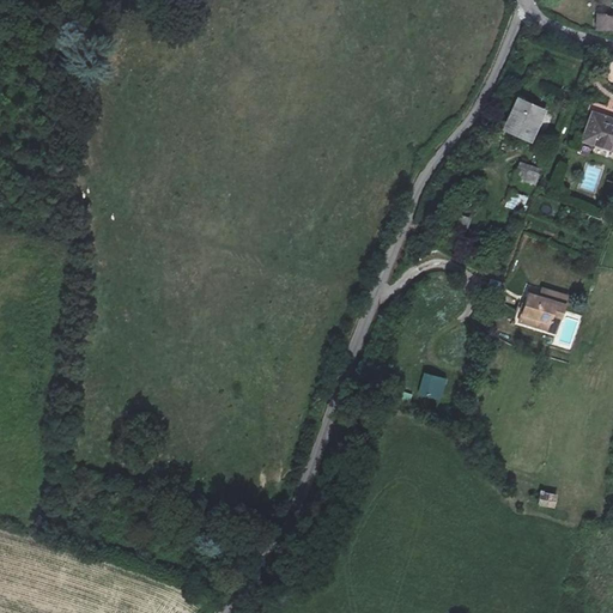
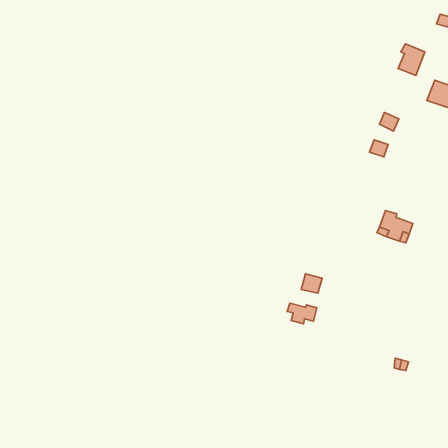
building: [511,96,547,139] -> [398,44,425,75]
building: none -> [287,303,317,324]

